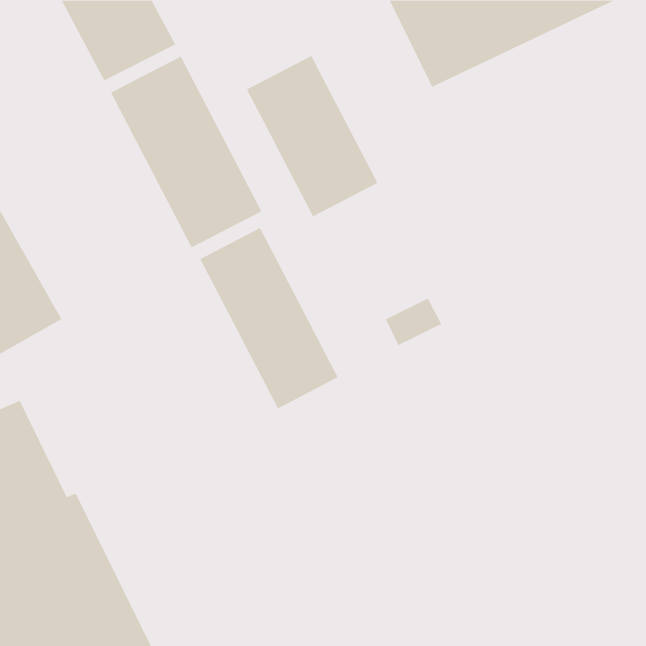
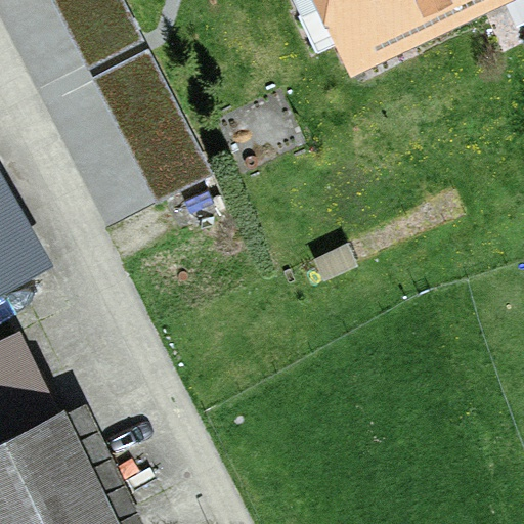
building: [246,55,378,217] -> none
building: [200,227,338,409] -> none

